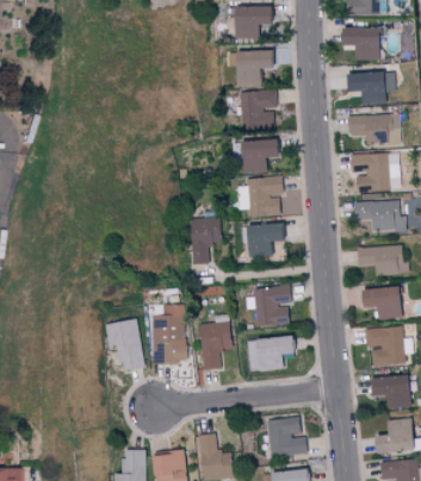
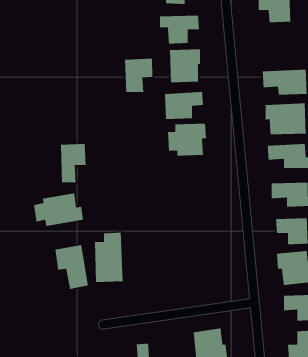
building: [349,71,396,104] -> none
building: none -> [124,58,153,93]
building: [191,217,222,263] -> [60,143,87,183]
building: [248,223,285,256] -> none
building: none -> [33,193,84,227]
building: [246,285,292,326] -> none
building: [199,314,233,370] -> none
building: [247,336,296,371] -> none

